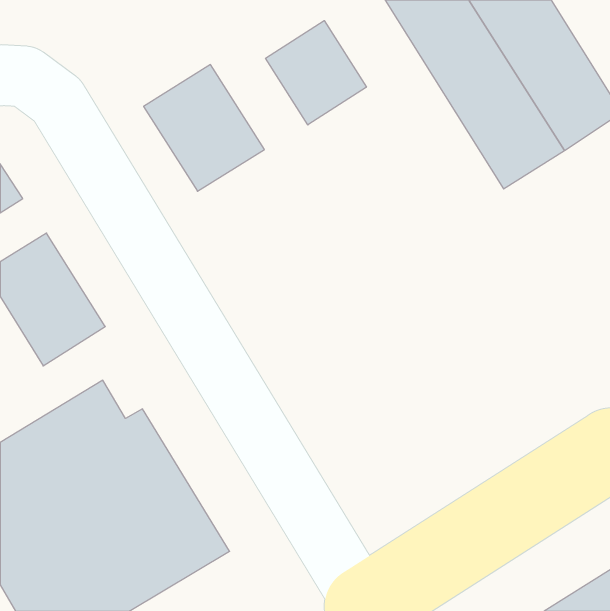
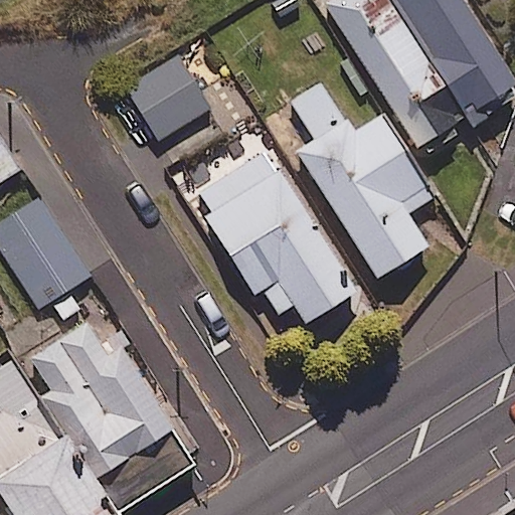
building: [266,21,366,125] -> none
building: none -> [291,82,434,277]
building: none -> [193,150,355,322]

